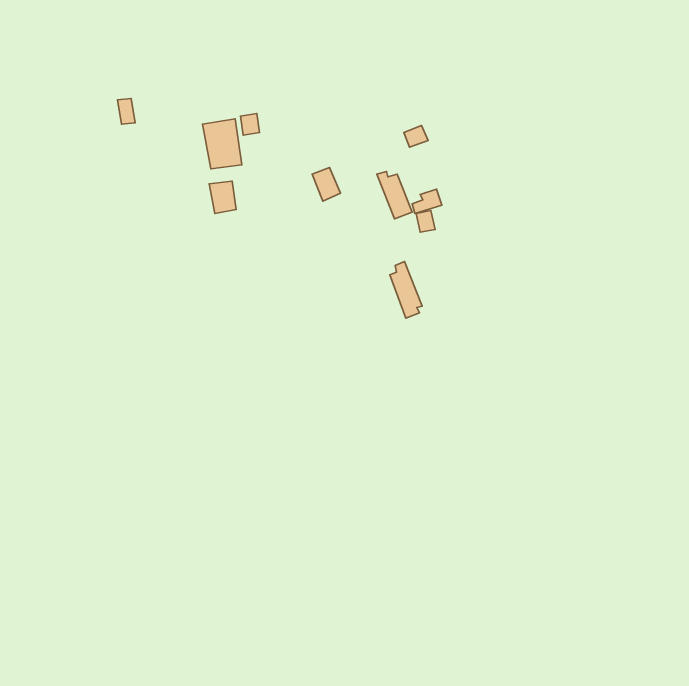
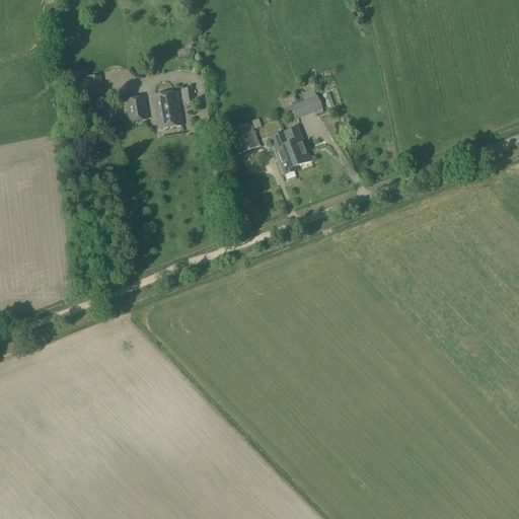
building: [209,181,236,214] -> [127,95,147,120]
building: [390,261,422,318] -> [273,131,297,173]

